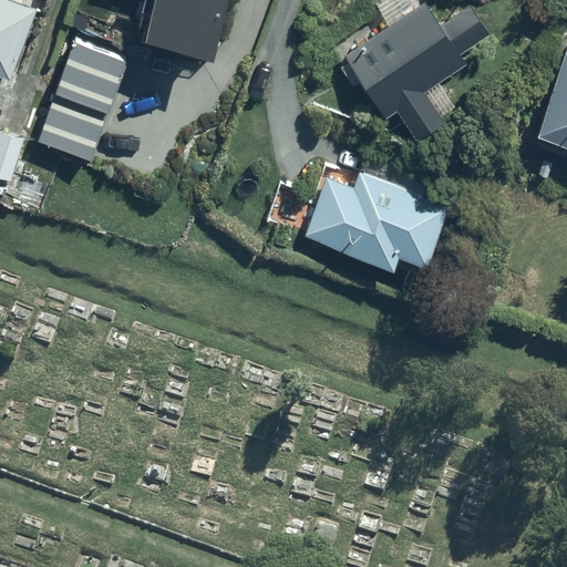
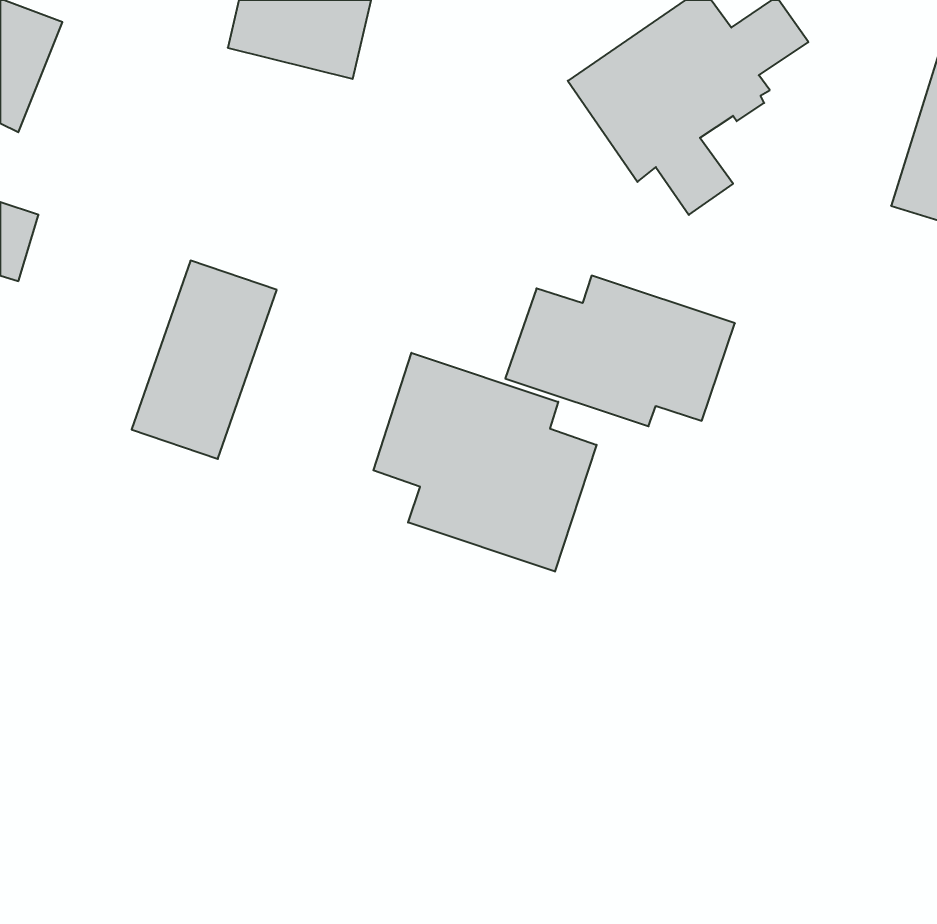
building: [39,41,126,161] -> [132,261,277,459]
building: none -> [373,353,597,572]

